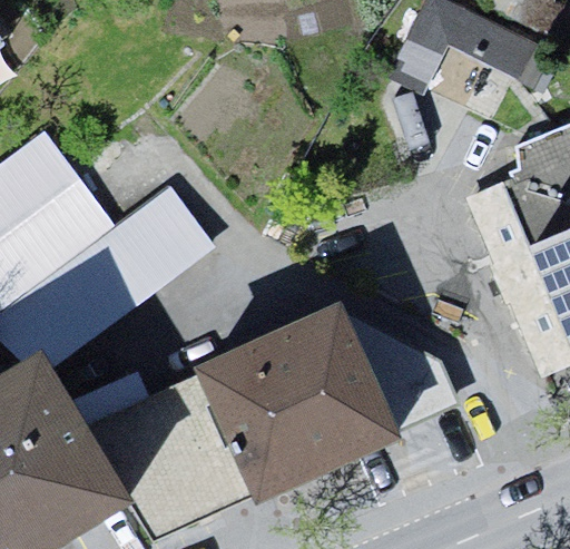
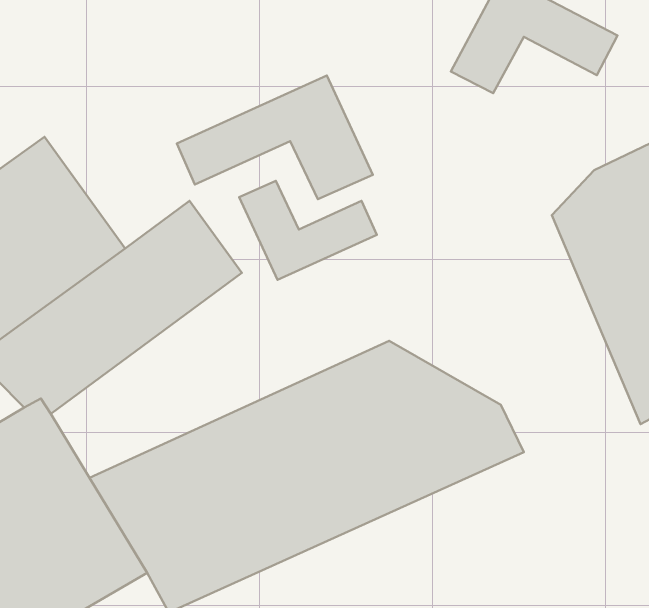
building: none -> [177,76,373,199]
building: none -> [239,181,377,280]

